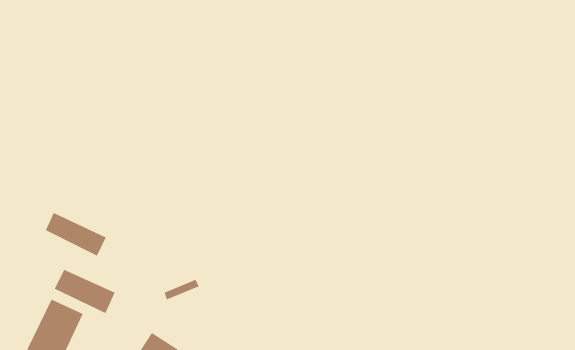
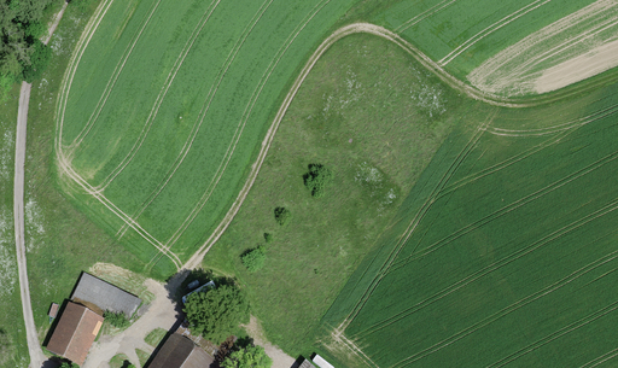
building: [45,212,107,257] -> none

